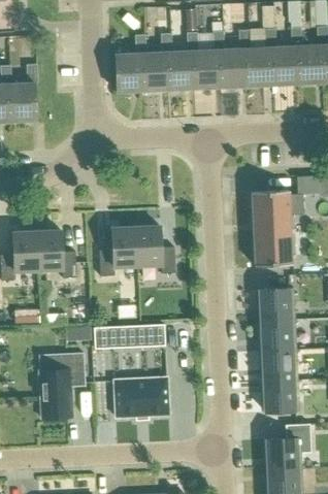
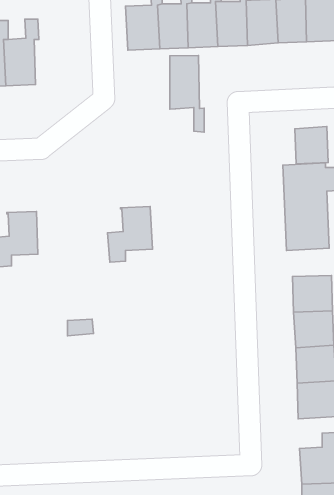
building: none -> [170,55,204,132]
building: none -> [295,127,328,164]
building: [135,226,174,273] -> none
building: [36,231,75,277] -> none
building: [90,324,162,345] -> none
building: [36,353,85,418] -> none
building: [114,374,162,411] -> none

